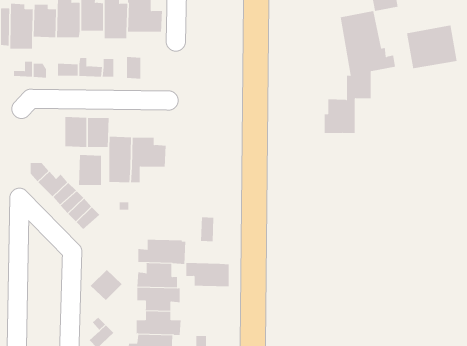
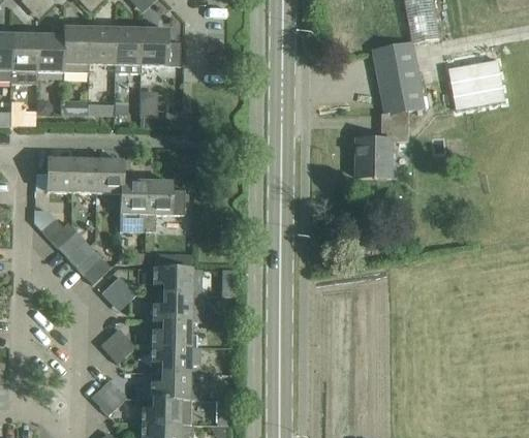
building: [78,155,102,186] -> [45,157,71,191]
building: none -> [100,275,135,311]
building: [185,262,229,287] -> [153,268,201,294]

